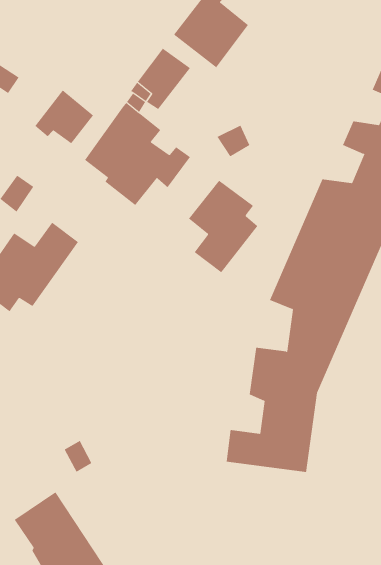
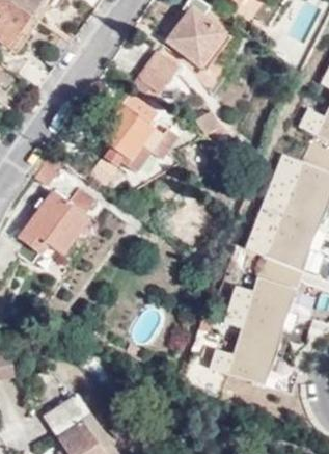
building: [35,89,94,144] -> none
building: [188,180,258,273] -> none

